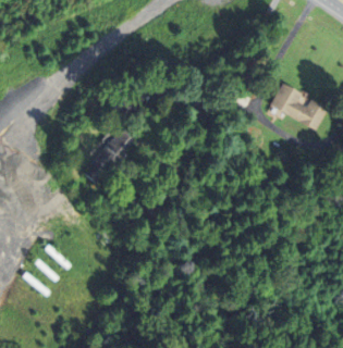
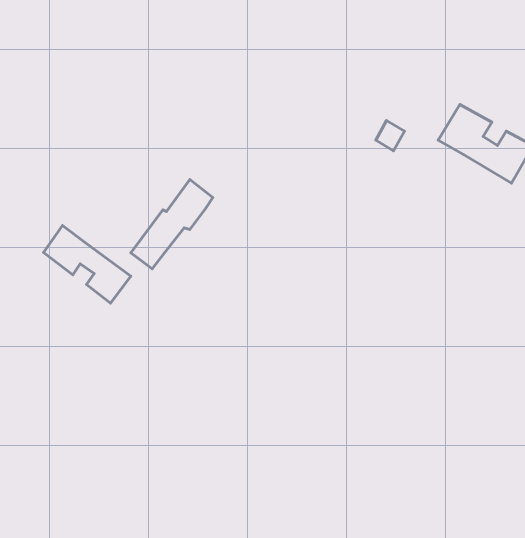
building: none -> [44,226,131,303]

